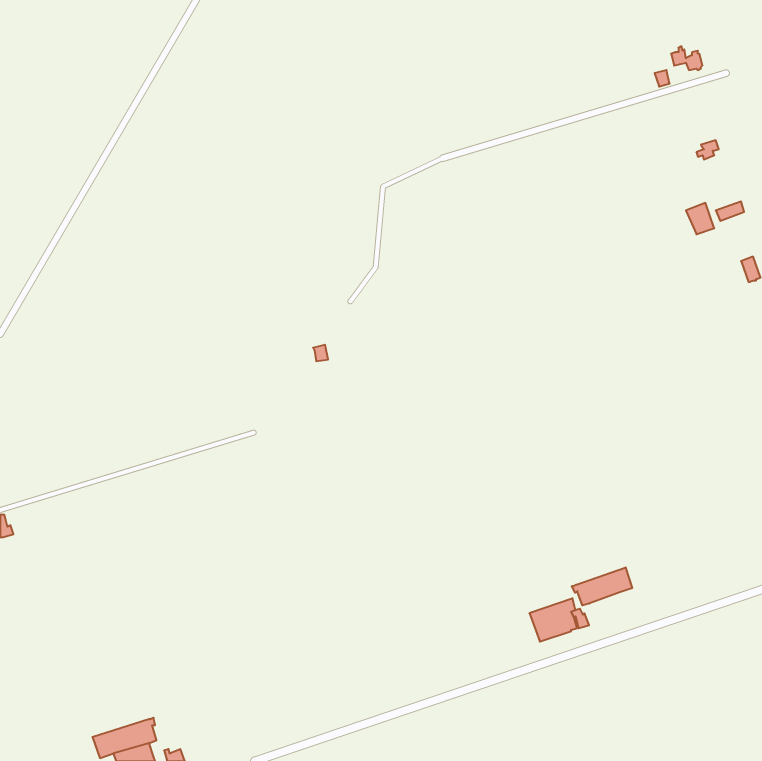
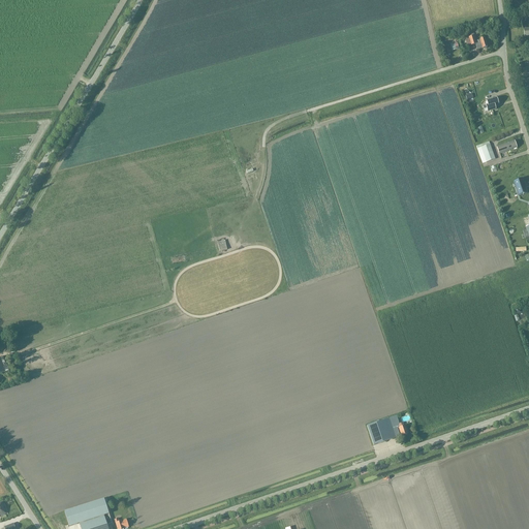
building: [572,567,632,605] -> none

